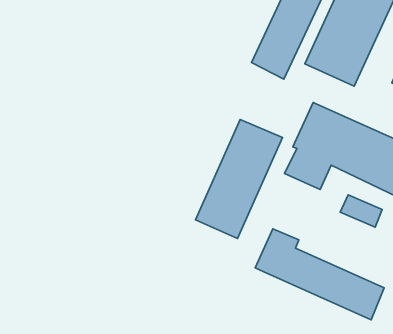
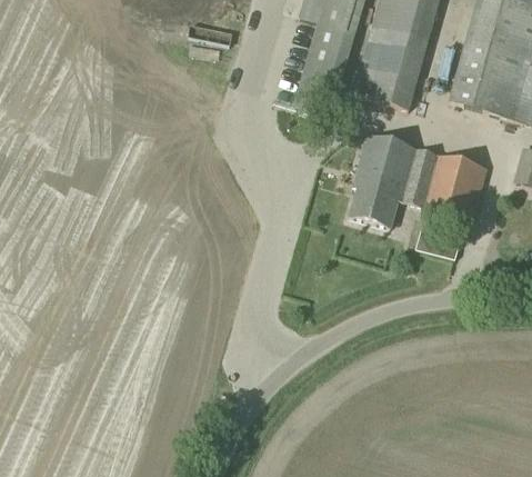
building: [196,119,282,239] -> none
building: [255,229,384,320] -> none

